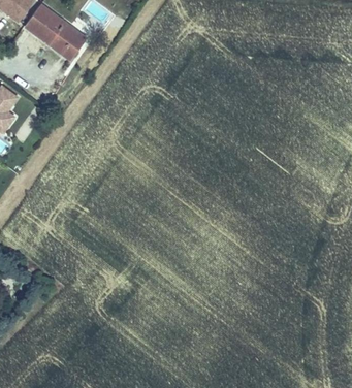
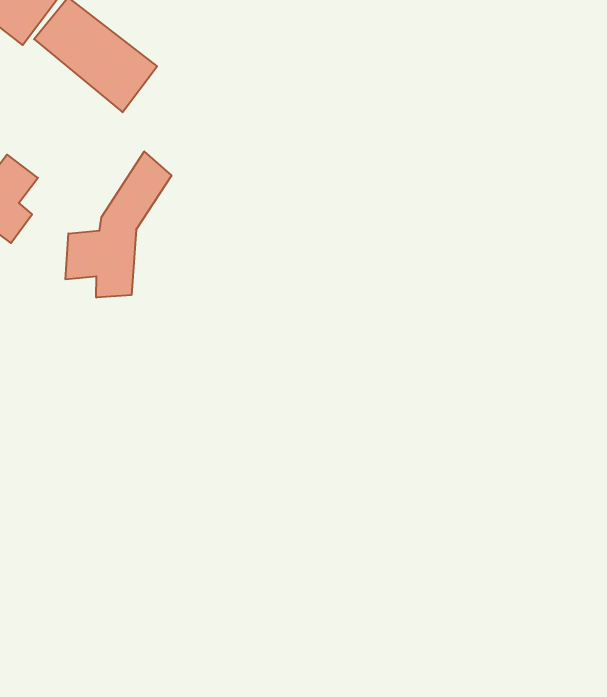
building: none -> [65,151,171,298]

